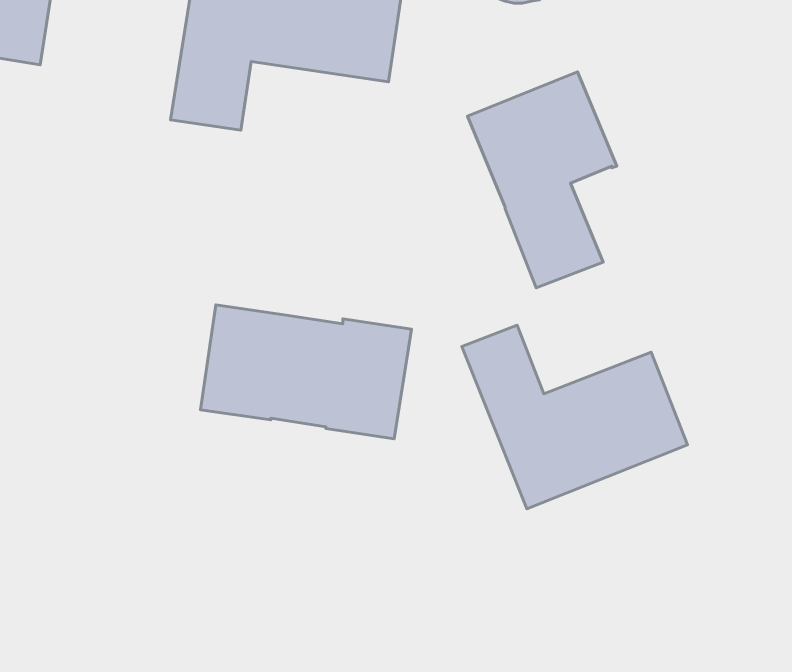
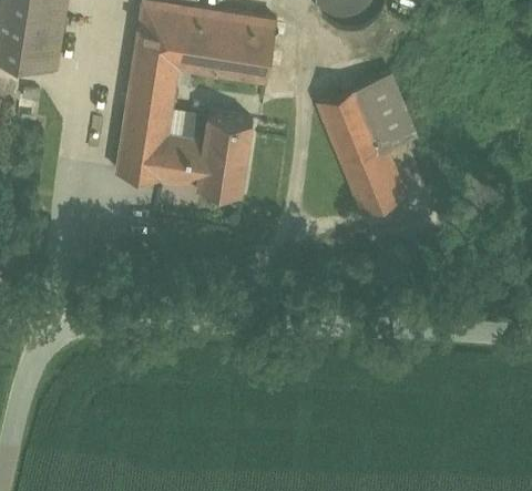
building: [200,305,411,439] -> [116,106,253,193]
building: [462,325,688,509] -> none

